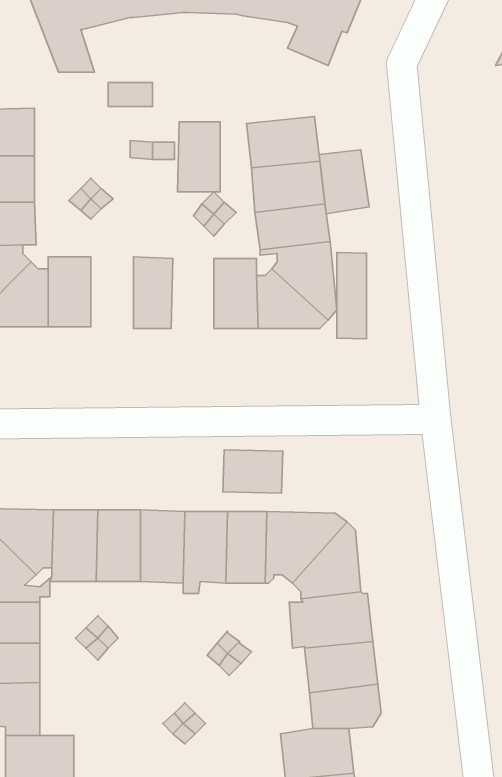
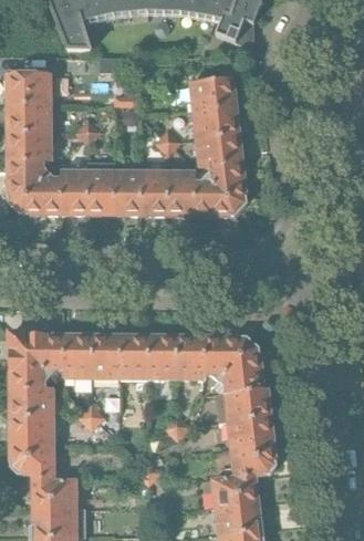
building: [177,122,220,192] -> [139,169,167,215]
building: [319,150,369,214] -> none
building: [337,252,366,339] -> none
building: none -> [87,168,115,215]
building: [223,450,283,493] -> none

